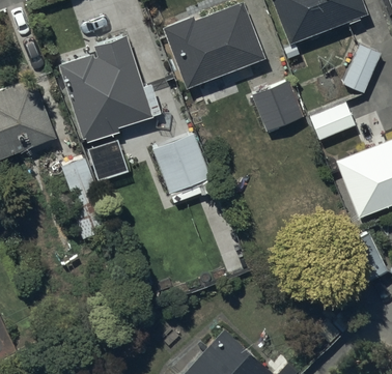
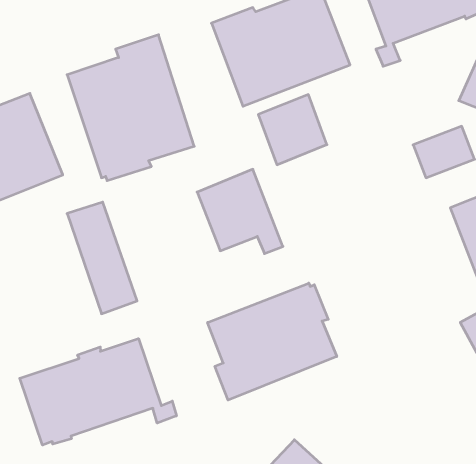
building: [253,80,303,131] -> [258,95,327,165]
building: none -> [208,283,337,400]
building: none -> [20,339,176,445]

